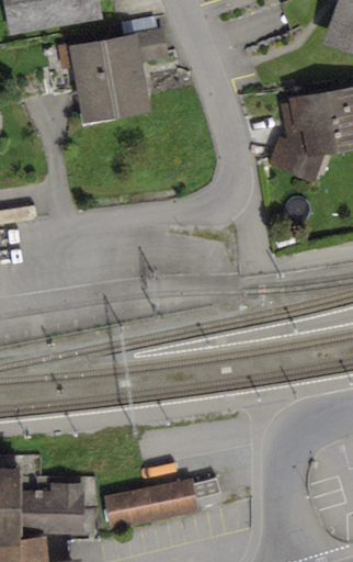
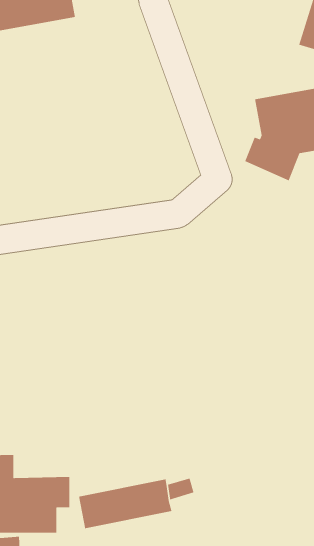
building: [57,29,167,124] -> none

